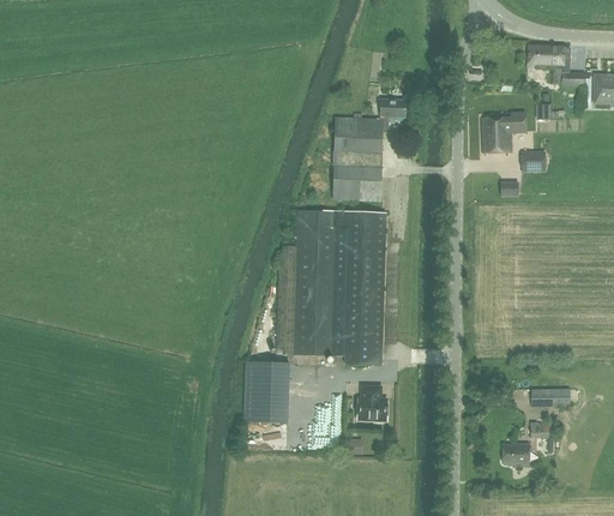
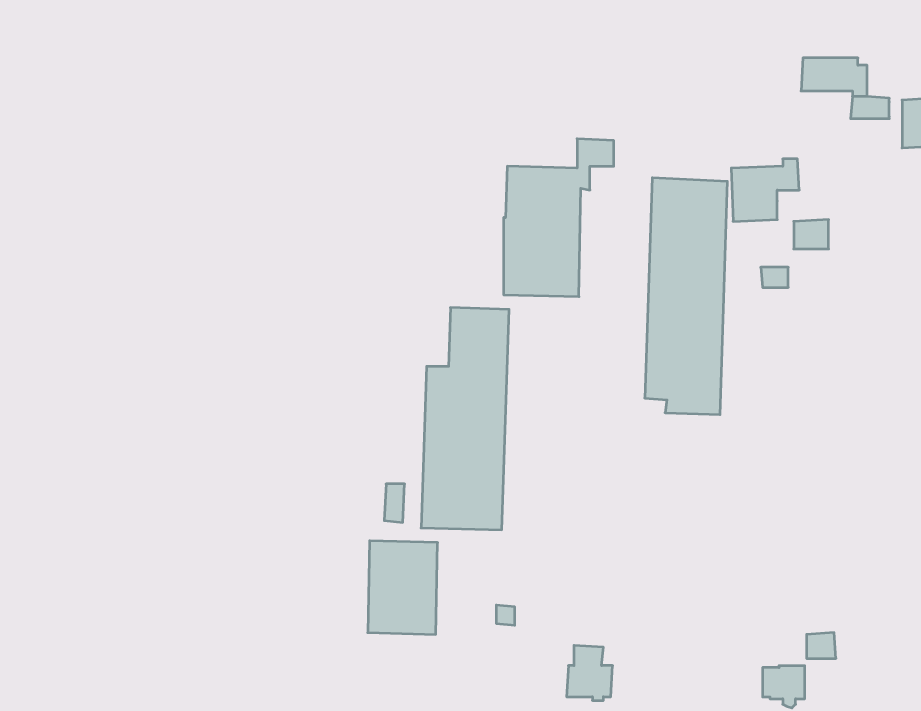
building: [331,210,385,365] -> [645,178,727,415]
building: [356,385,386,421] -> [567,645,613,700]
building: [530,389,570,406] -> none

